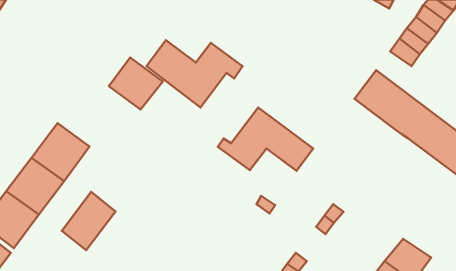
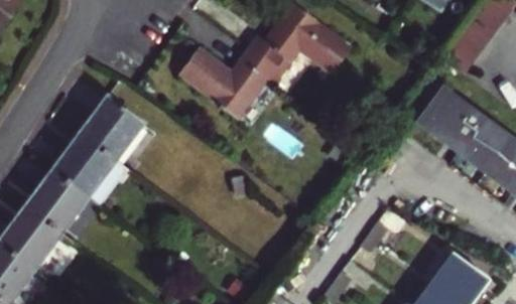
building: [109,57,163,110] -> [83,103,141,159]
building: [218,108,313,171] -> [248,5,351,73]
building: [62,192,115,250] -> none

